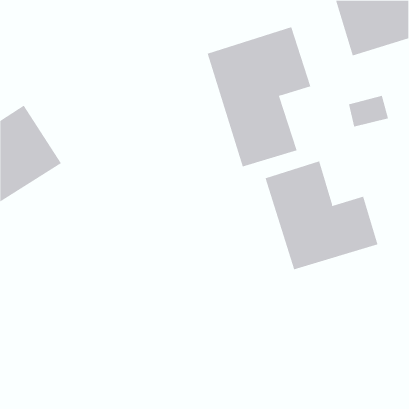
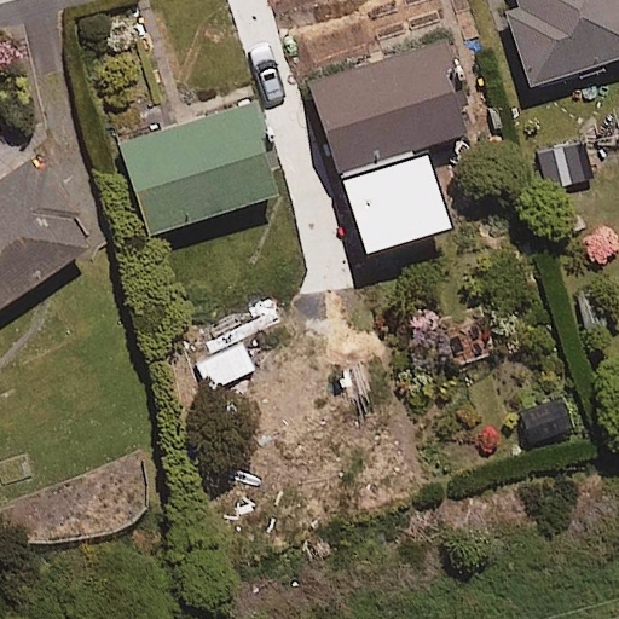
building: none -> [118,103,280,236]
building: [265,161,378,270] -> none

